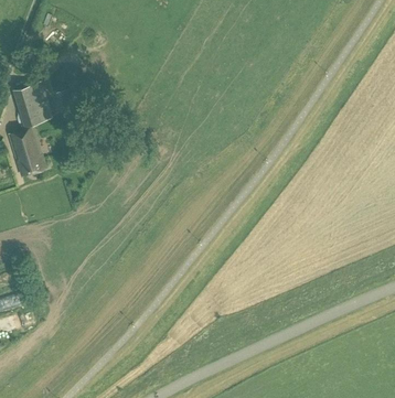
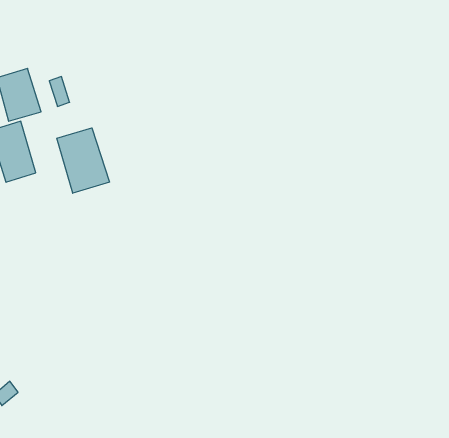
building: none -> [57,128,109,193]

